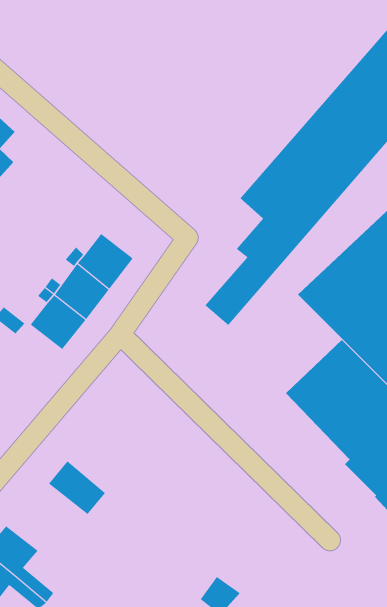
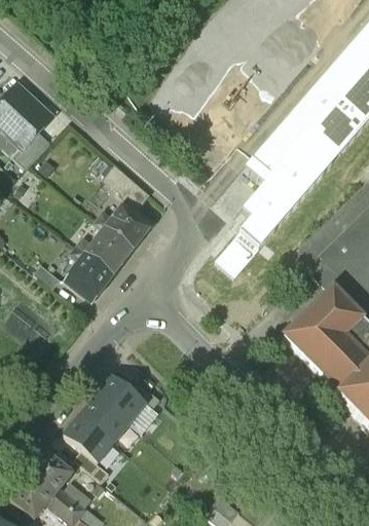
building: none -> [96,375,145,422]
building: none -> [63,414,113,461]

